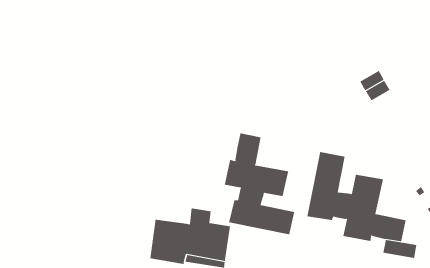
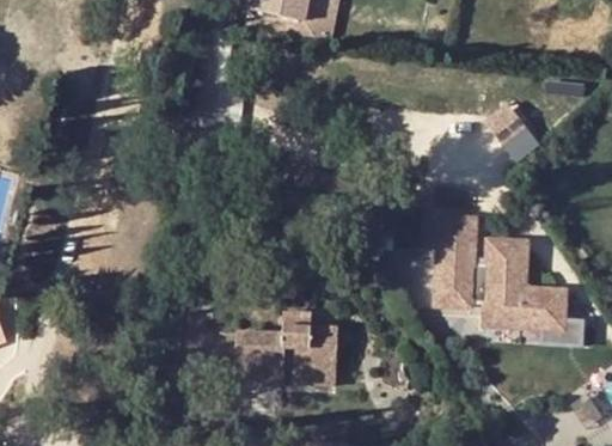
building: [224,133,295,235] -> none

